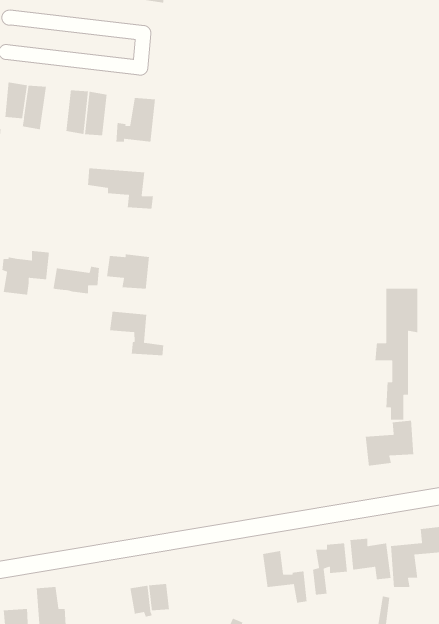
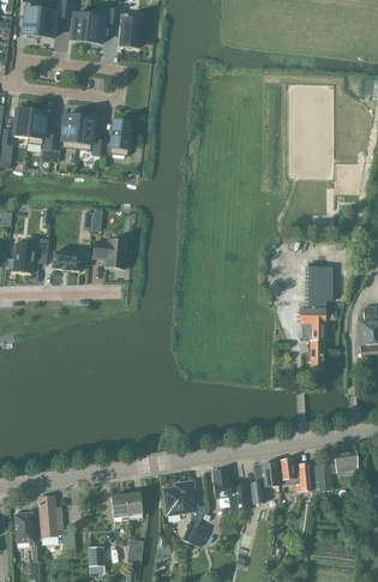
building: [87,168,154,209] -> none
building: [109,311,164,356] -> none
building: [365,420,414,466] -> none
building: none -> [162,480,198,515]

